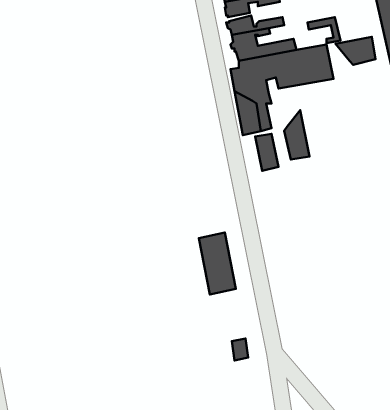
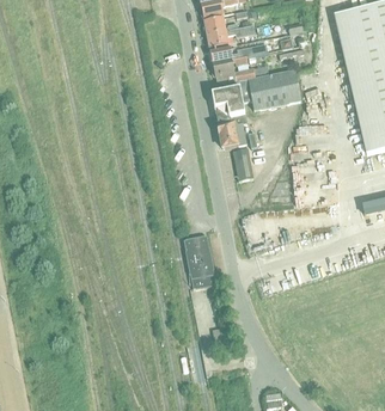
building: [335,37,376,65] -> none
building: [284,110,309,159] -> none

